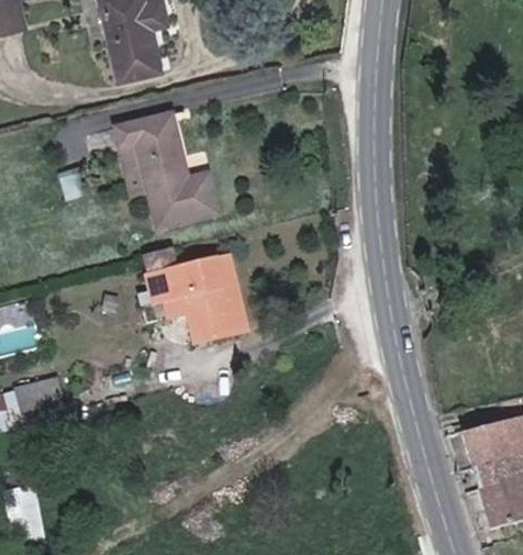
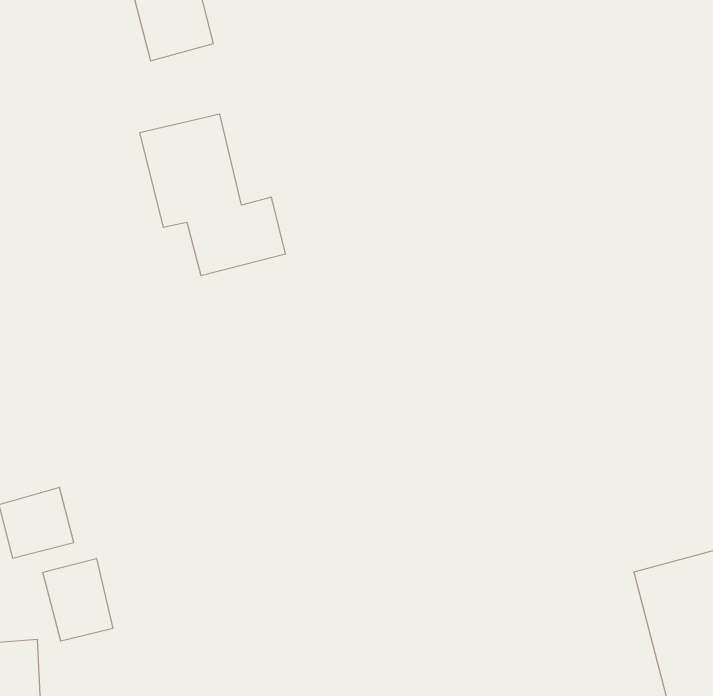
building: [148,253,246,338] -> none
building: none -> [43,558,113,641]

